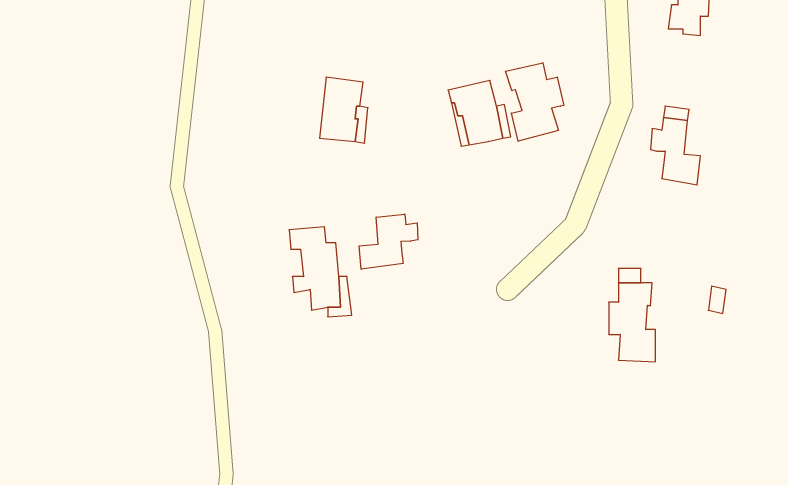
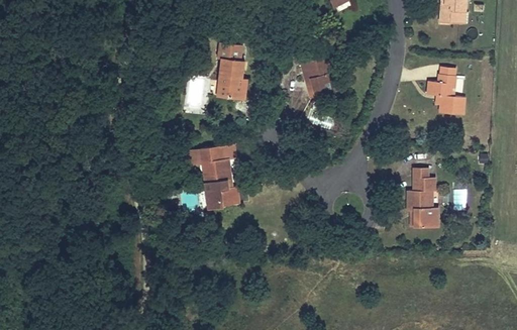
building: [506,63,564,141] -> none
building: [359,214,418,269] -> none

